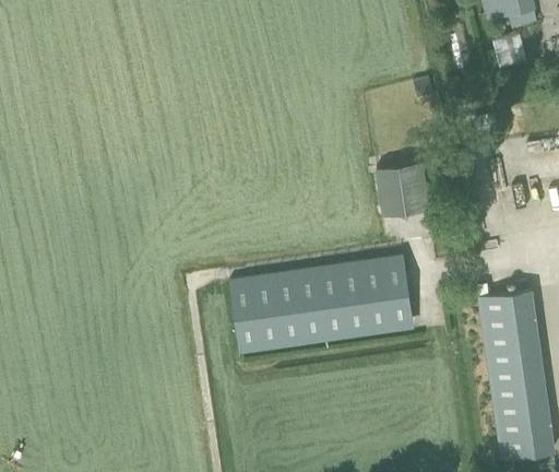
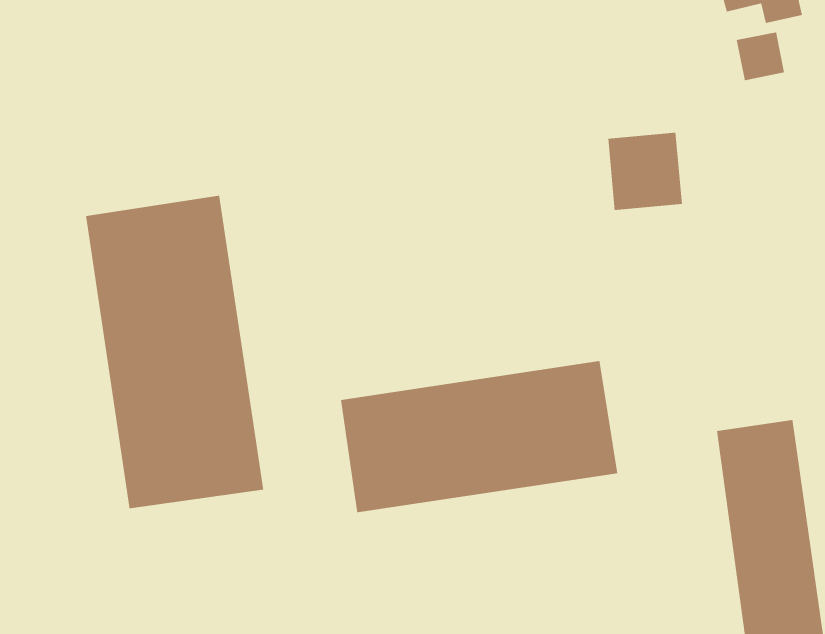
building: none -> [85,195,264,509]
building: [376,162,426,214] -> [607,132,683,211]

